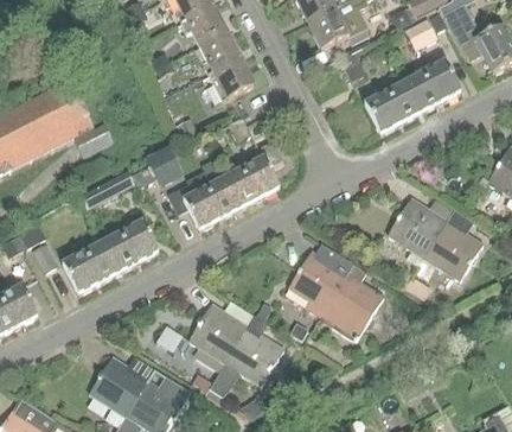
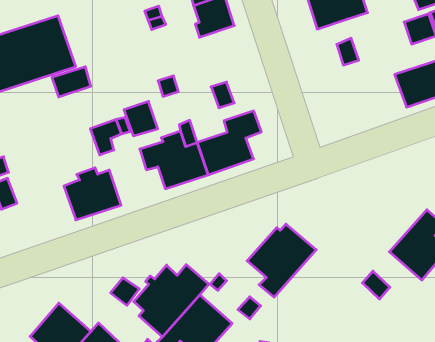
building: [207,61,254,103] -> none
building: [363,83,418,134] -> none
building: [388,197,454,255] -> none
building: [59,241,116,294] -> none
building: [318,265,384,342] -> none

